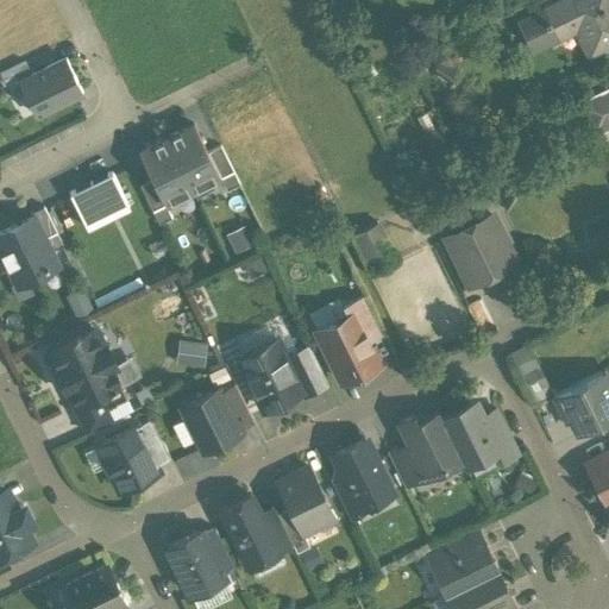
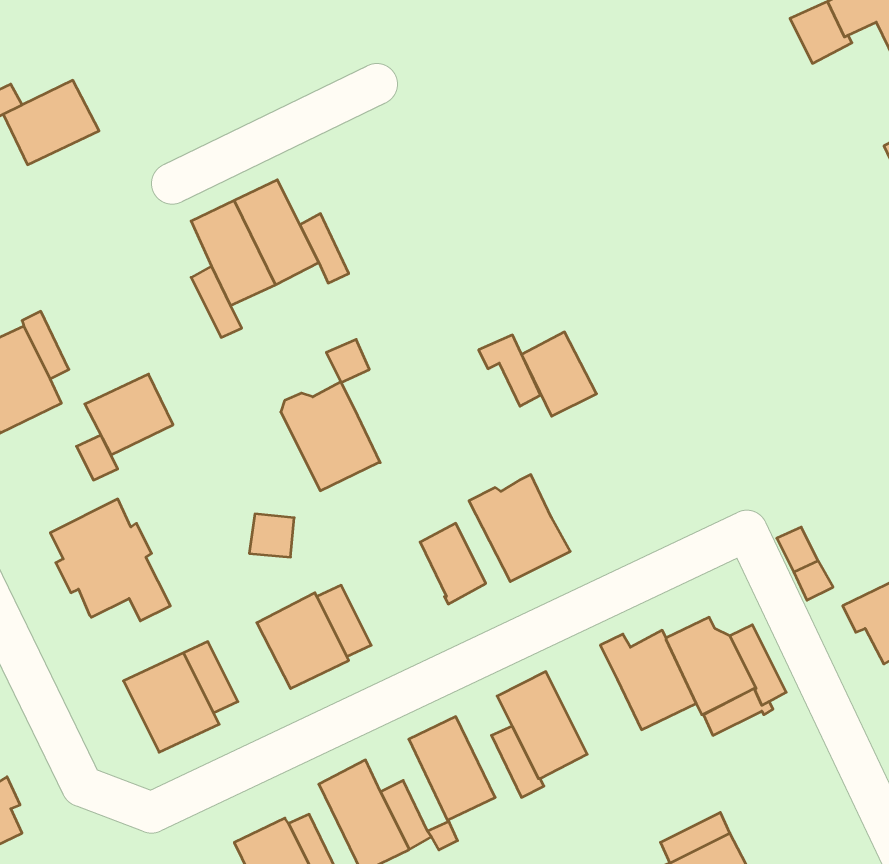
building: [73,180,128,231] -> [85,374,173,455]
building: [446,218,514,285] -> none
building: [341,296,381,341] -> [479,335,541,406]
building: [238,340,301,409] -> [281,382,380,491]
building: [71,393,113,434] -> none
building: [388,444,425,486] -> none

